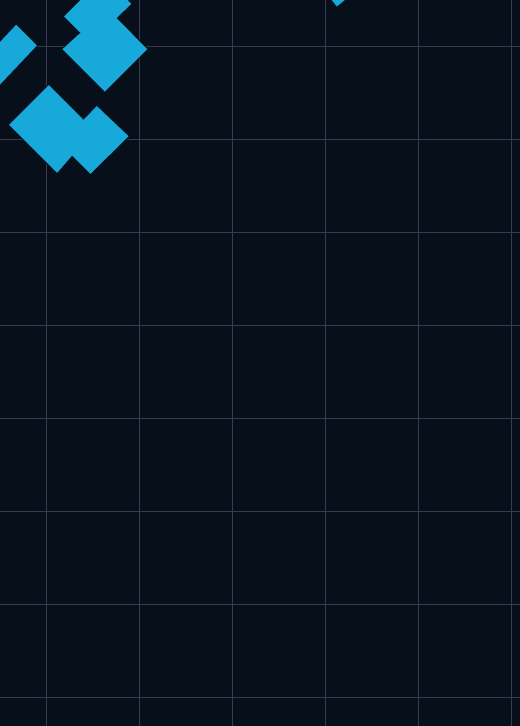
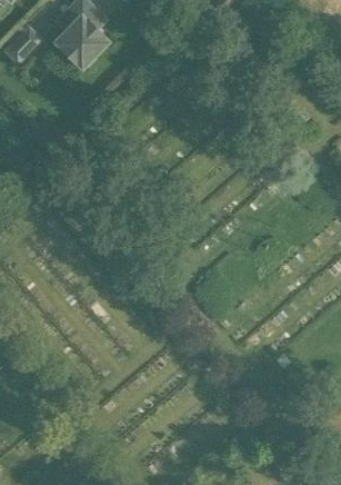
building: [8,84,129,175] -> none

